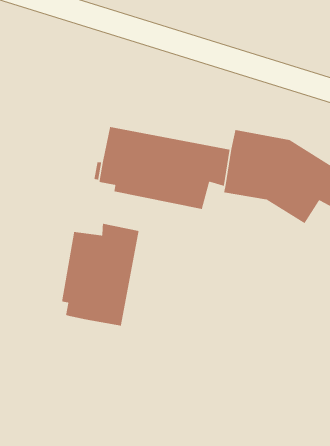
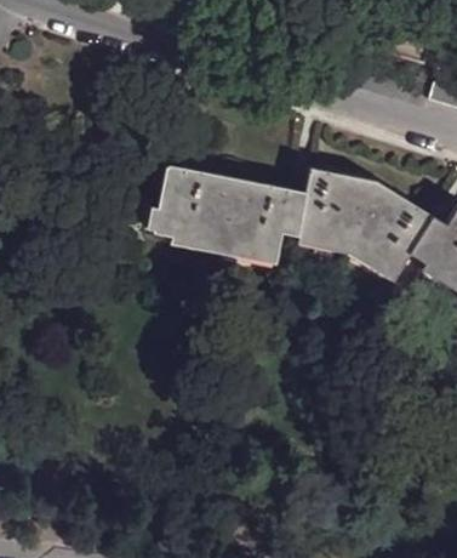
building: [61,223,140,326] -> none

